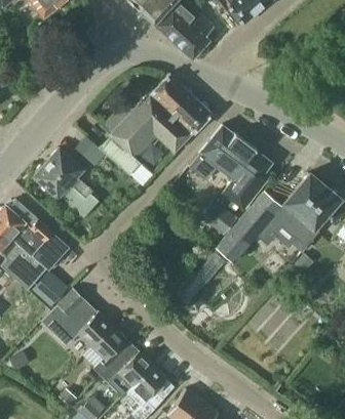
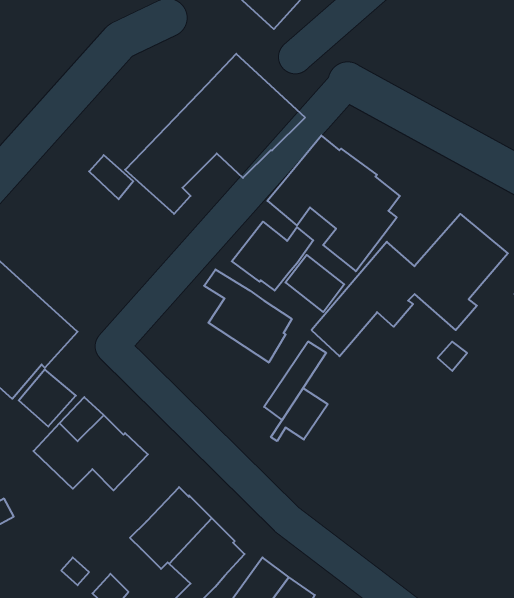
building: [33,148,98,217] -> none
building: none -> [232,222,313,291]
building: none -> [204,269,292,363]
building: none -> [271,388,328,441]
building: [91,325,132,377] -> none

